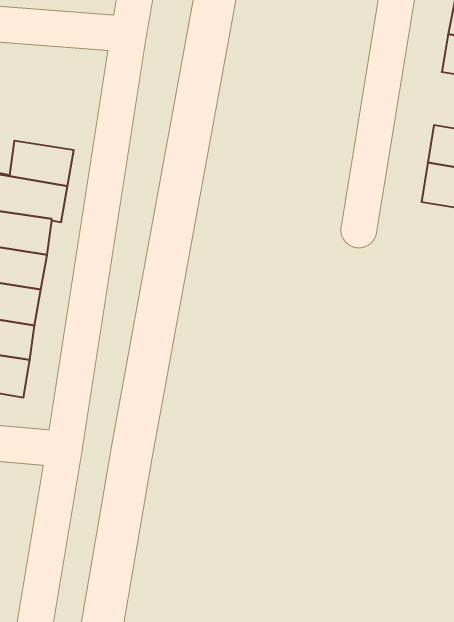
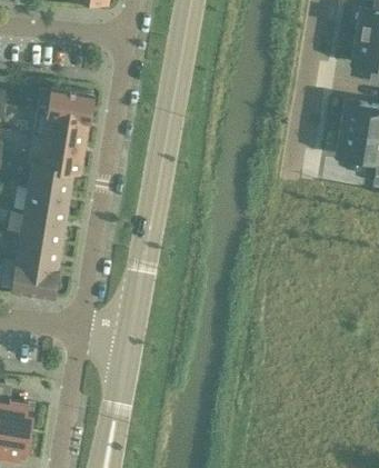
building: none -> [47,87,93,119]

